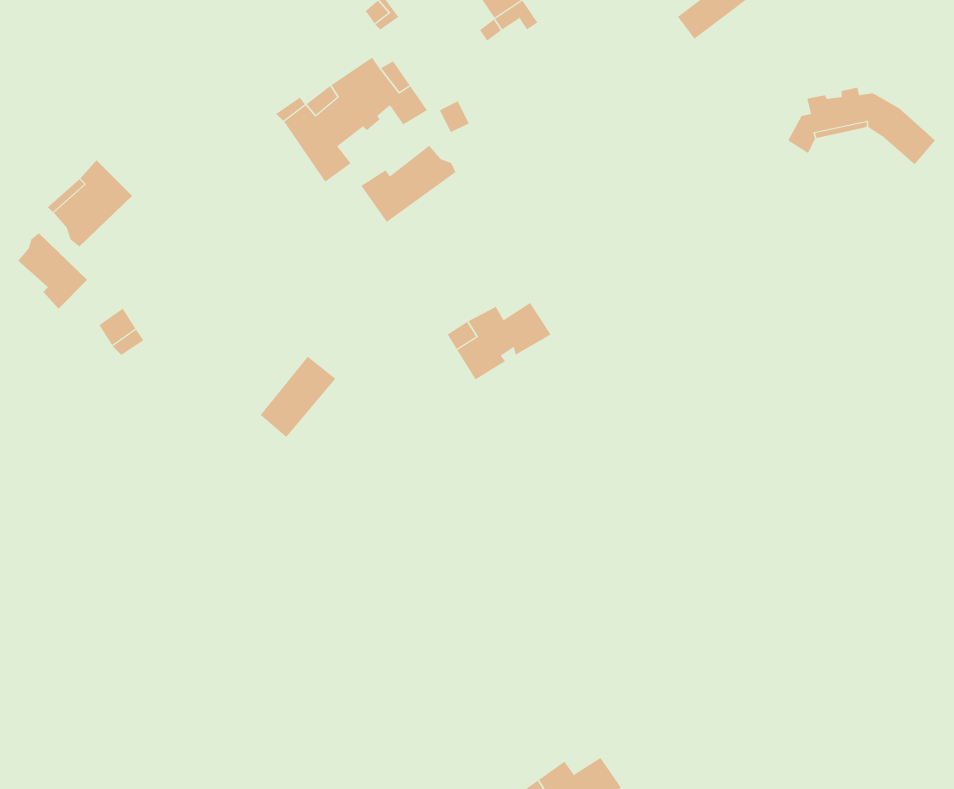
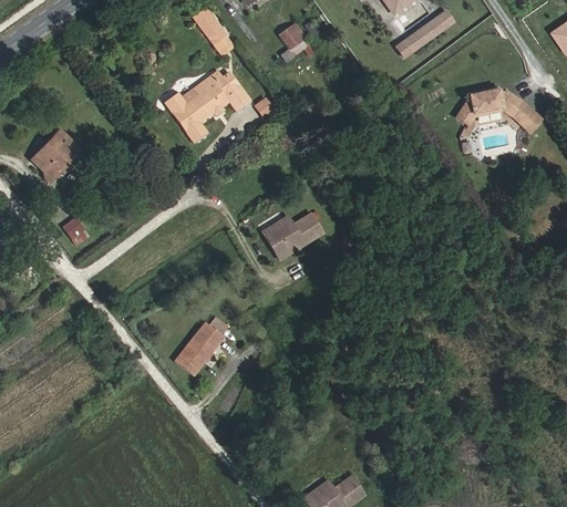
building: [361,145,456,223] -> none
building: [18,232,88,309] -> none
building: [260,356,336,438] -> [177,324,221,372]

